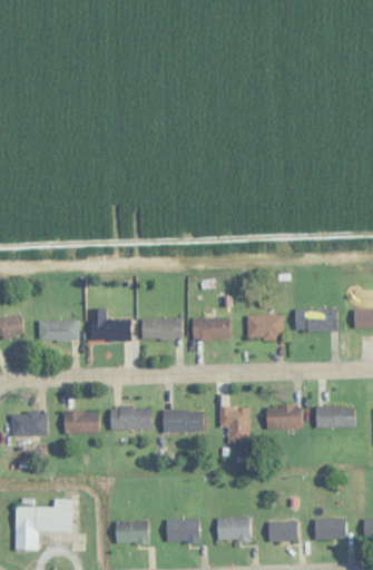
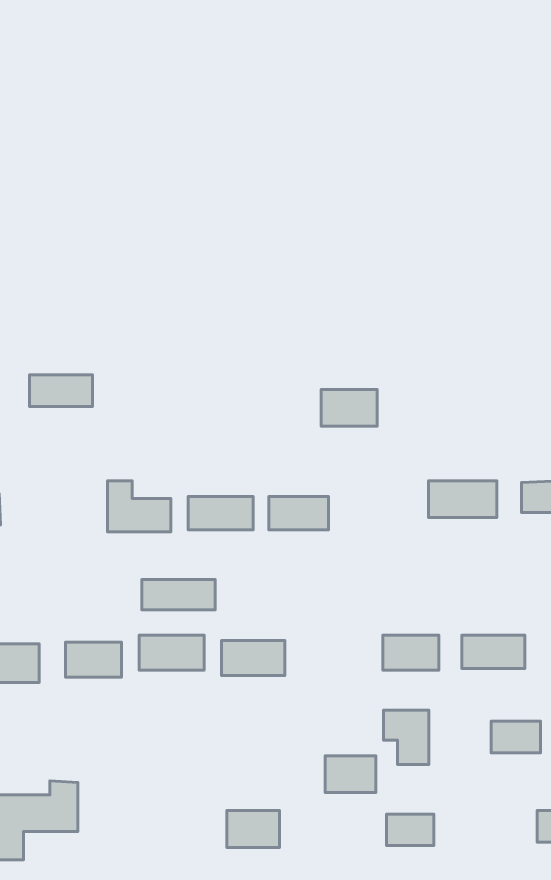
building: [246,315,282,338] -> [321,389,377,426]
building: [38,321,78,341] -> [29,375,93,407]
building: none -> [142,580,215,610]
building: [219,407,248,442] -> [383,710,429,765]
building: [217,517,249,540] -> [325,756,376,793]
building: [315,518,346,538] -> [491,721,540,753]
building: [115,520,148,543] -> none

